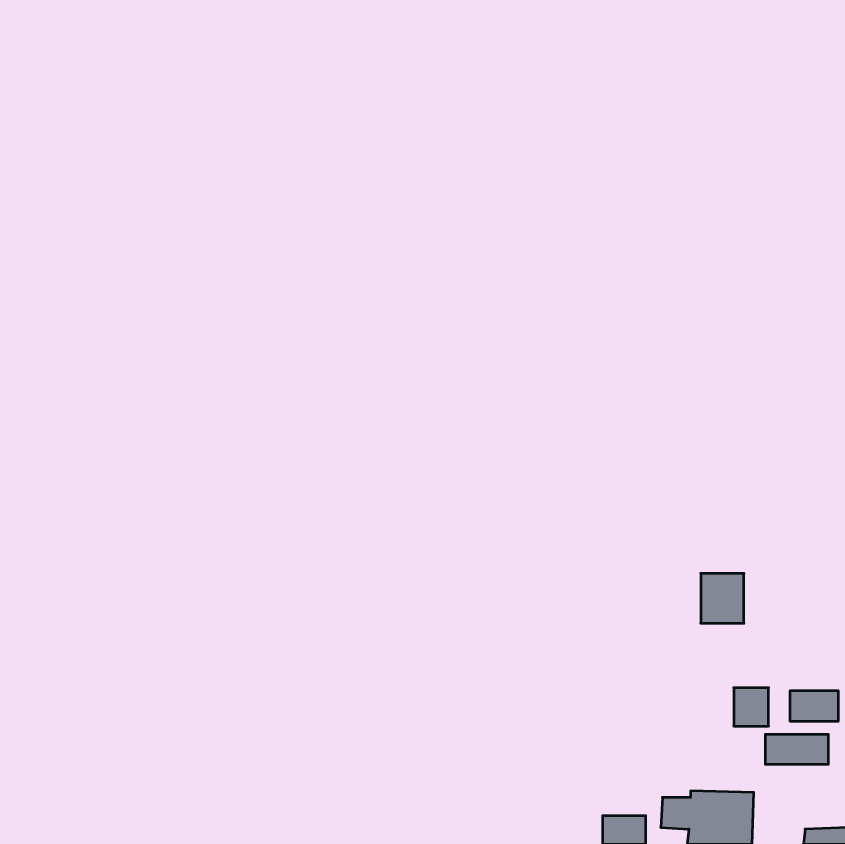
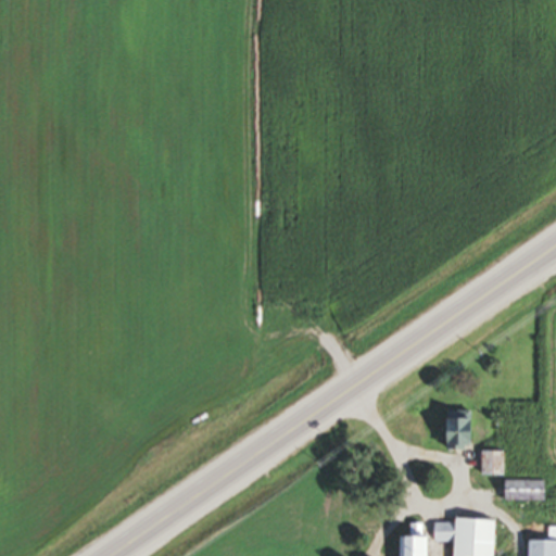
building: [701,573,744,623] -> [441,416,469,448]
building: [790,691,838,721] -> none

